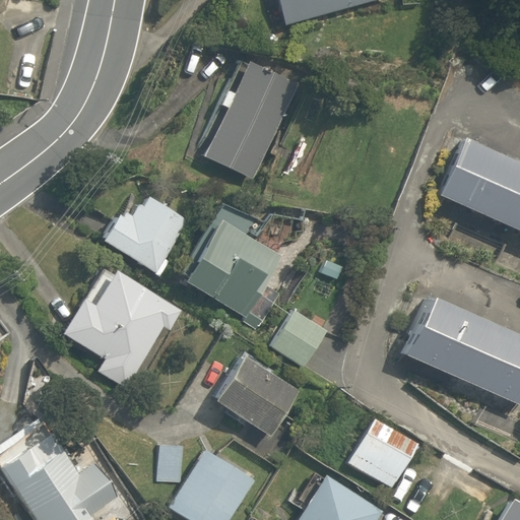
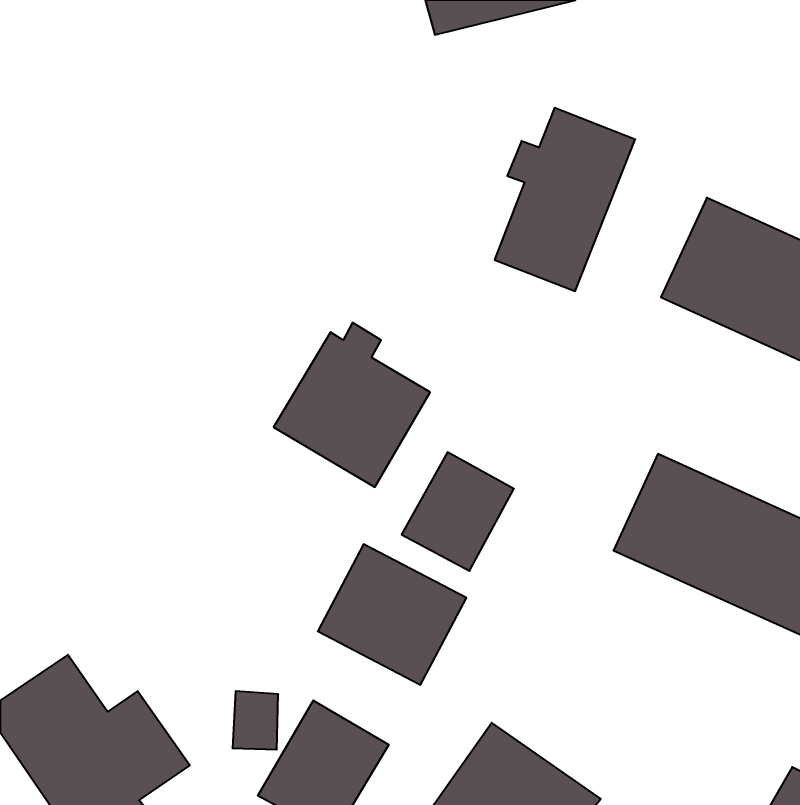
building: [208,64,299,182] -> [495,108,635,291]
building: [100,182,191,276] -> none
building: [62,259,187,391] -> none
building: [346,411,425,491] -> none

